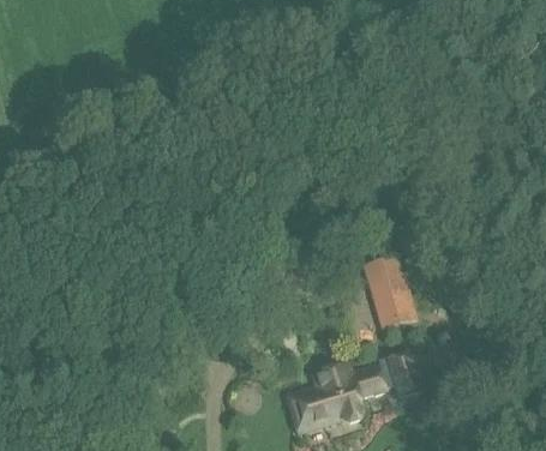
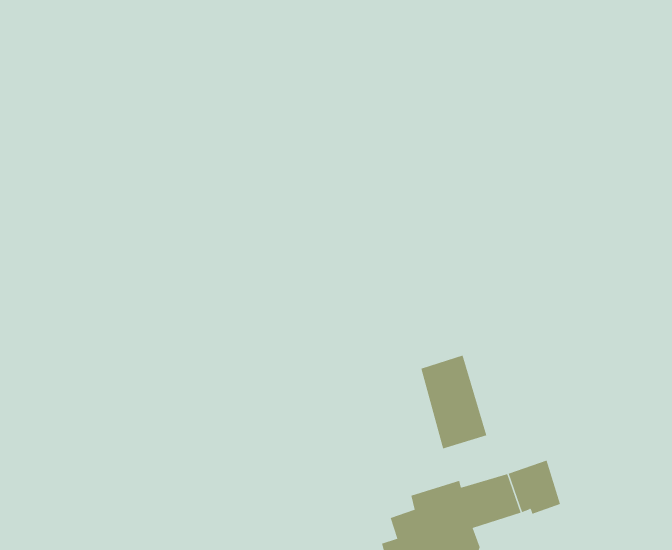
building: [365,259,412,325] -> [420,355,487,449]

